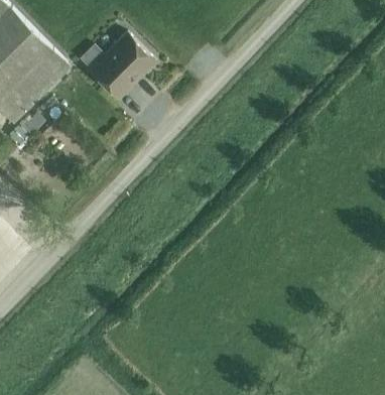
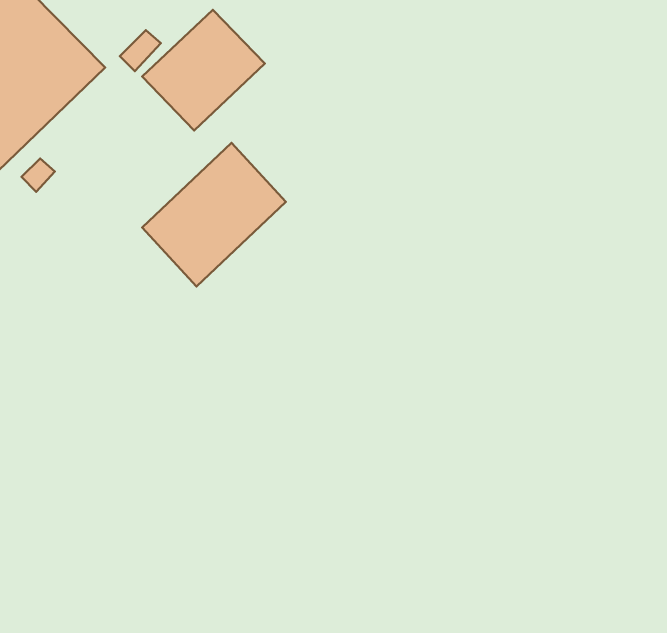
building: none -> [142,143,286,286]

